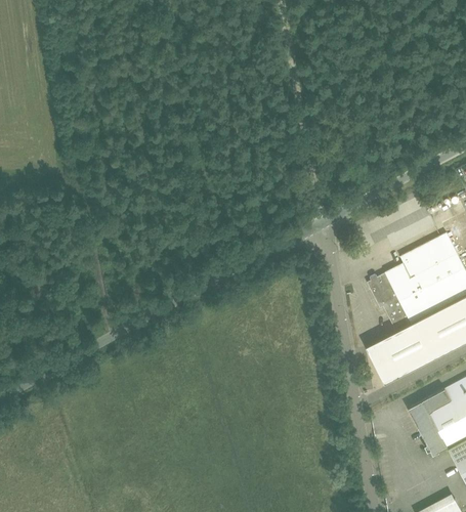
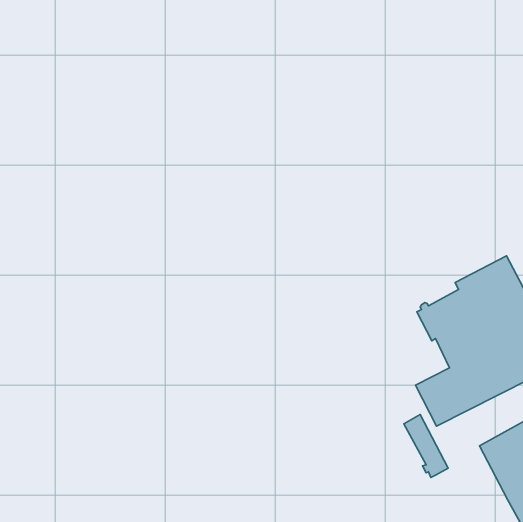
building: [409,400,448,456] -> [404,414,448,478]

